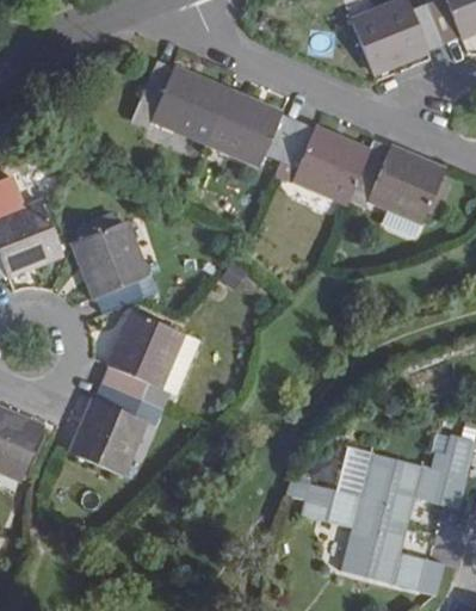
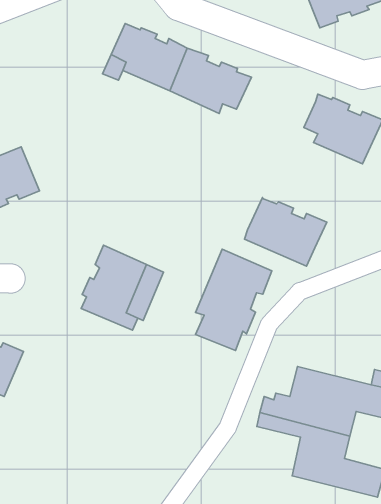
building: [276,125,367,202] -> [244,198,327,266]
building: [70,221,144,314] -> none
building: none -> [195,249,272,350]
building: [70,383,163,476] -> none

